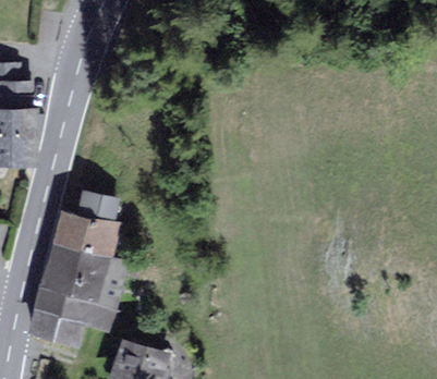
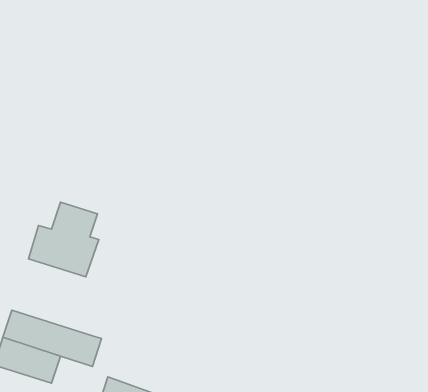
building: [41,239,124,304] -> none

